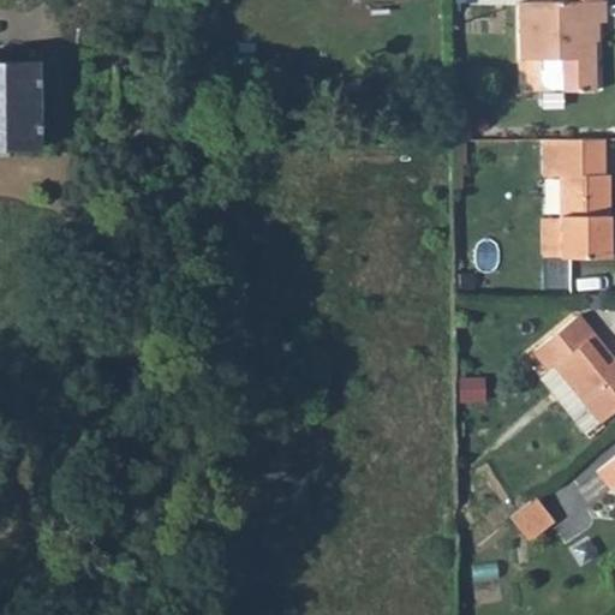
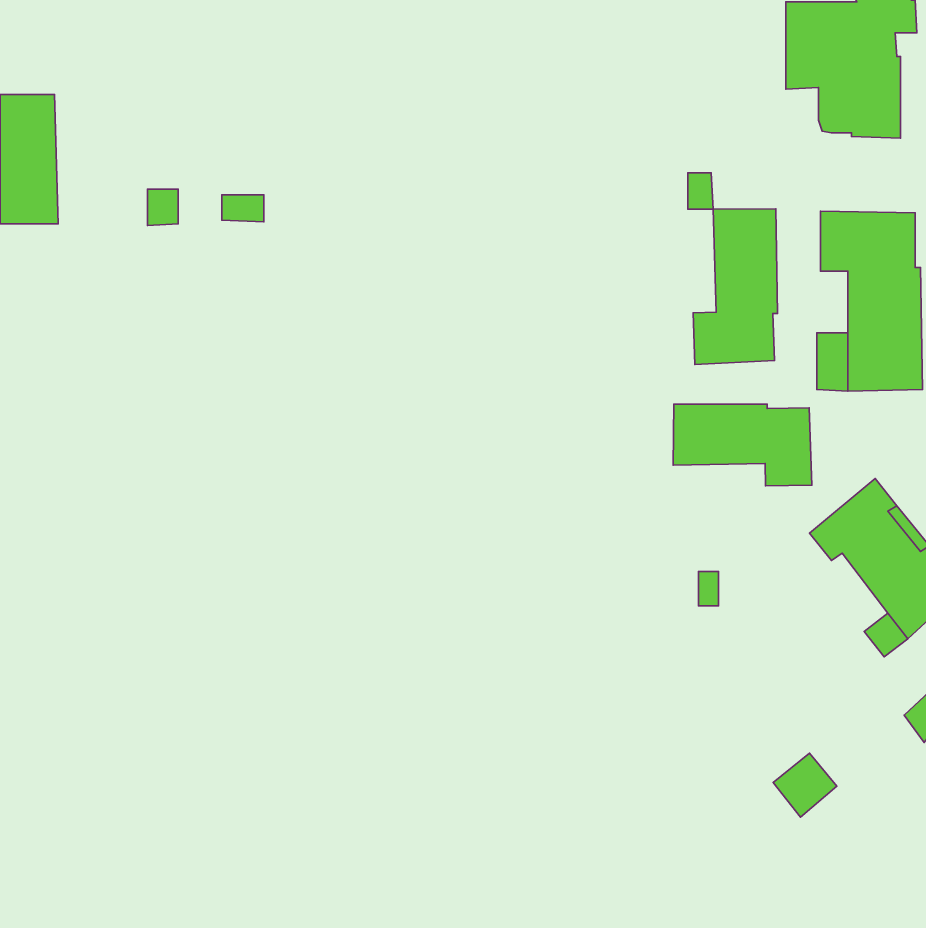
building: none -> [693,209,778,364]
building: none -> [673,404,812,486]

